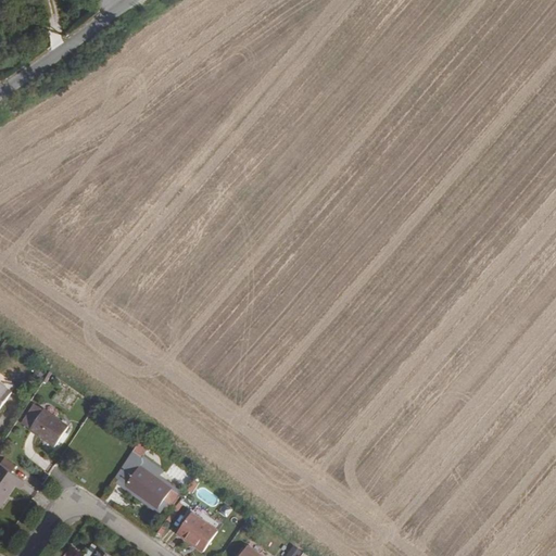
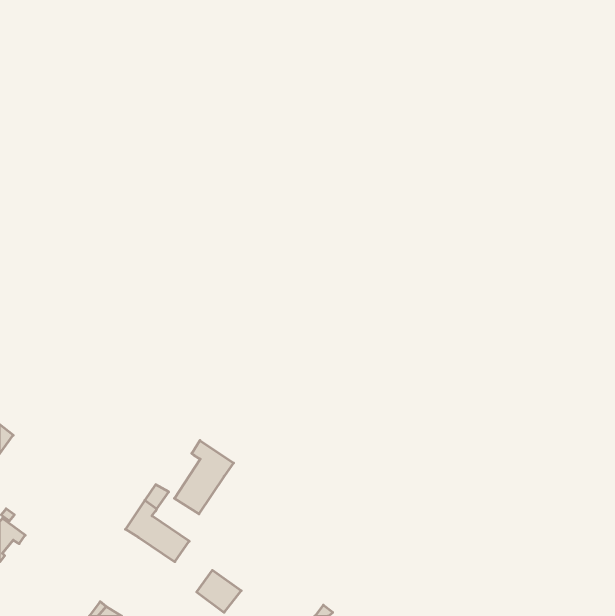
building: none -> [174,440,234,514]
building: [16,401,67,446] -> none

